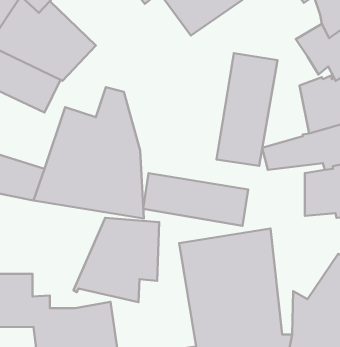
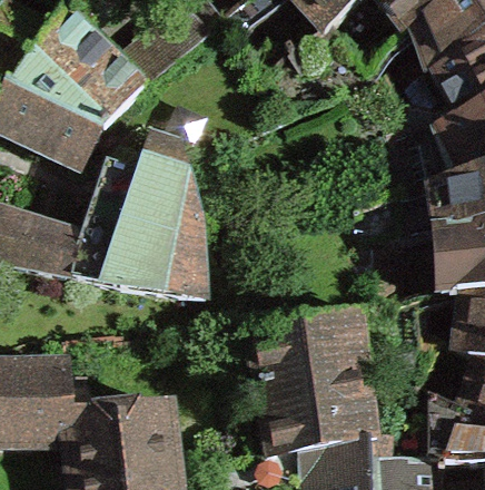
building: [217,53,277,166] -> none
building: [143,173,248,226] -> none
building: [73,218,159,302] -> none

